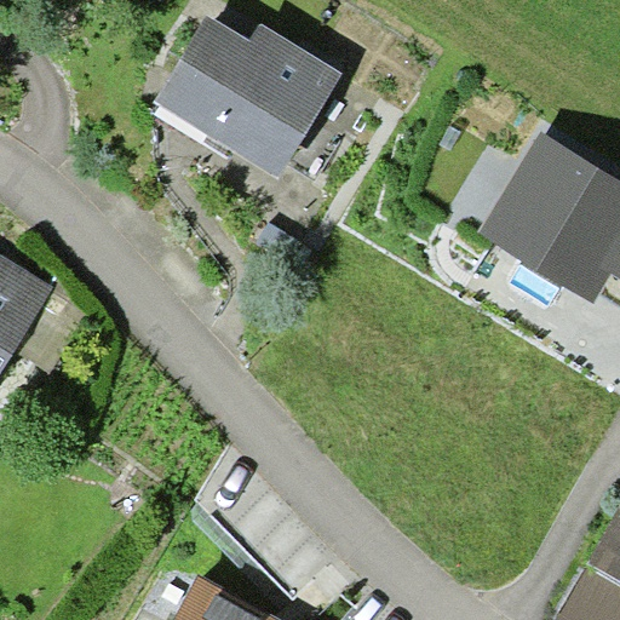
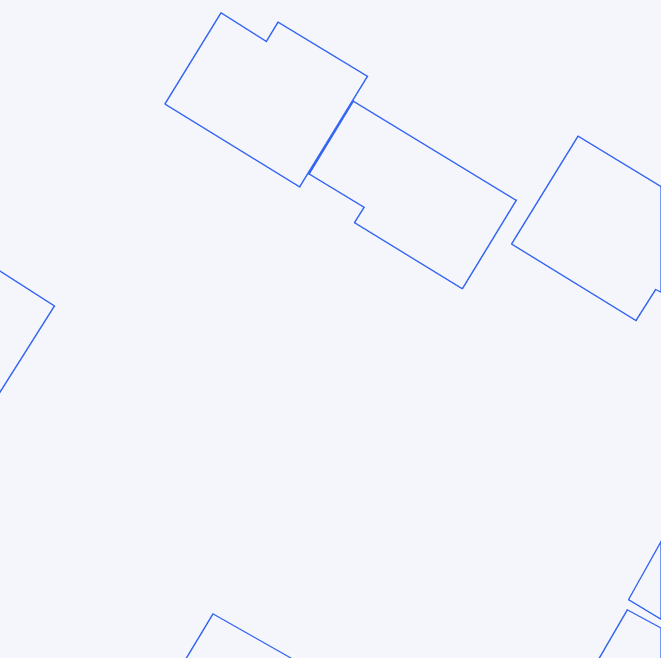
building: none -> [309,101,516,289]

